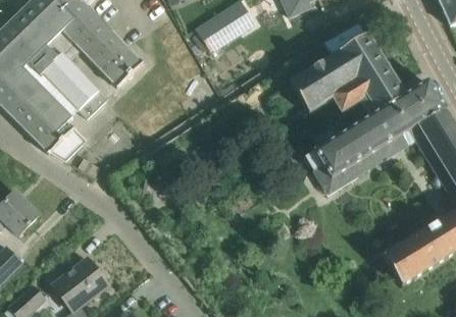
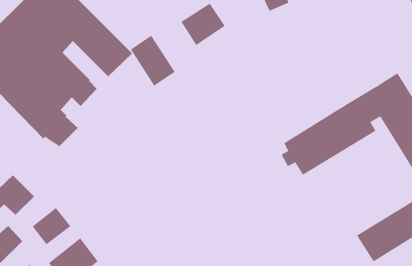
building: [290,20,405,116] -> none
building: none -> [130,35,175,87]
building: none -> [32,207,71,245]

